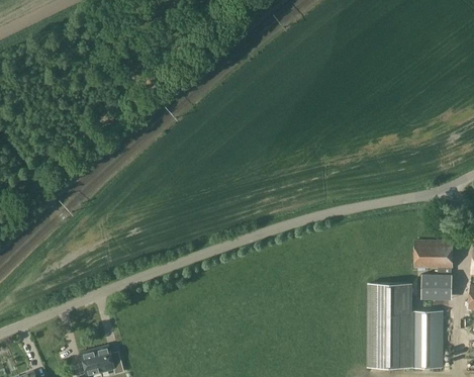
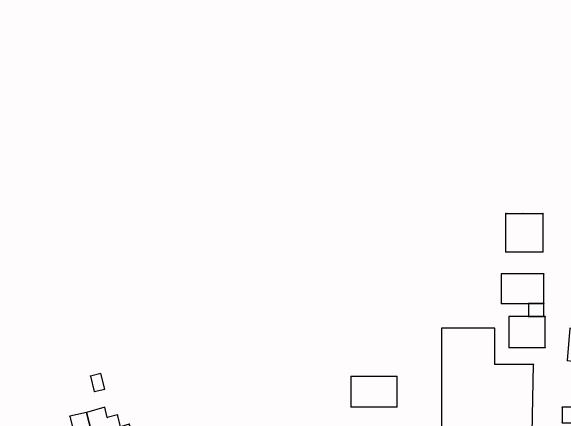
building: none -> [506,213,543,252]
building: none -> [351,376,397,407]

